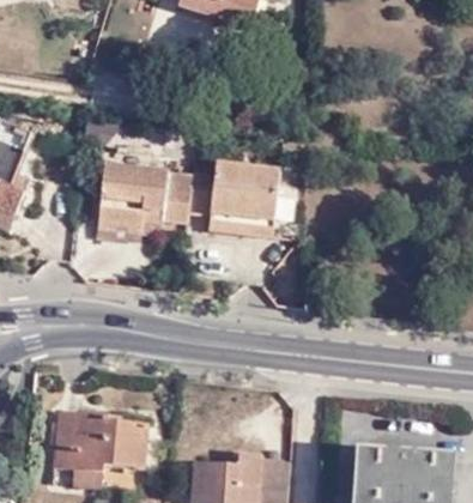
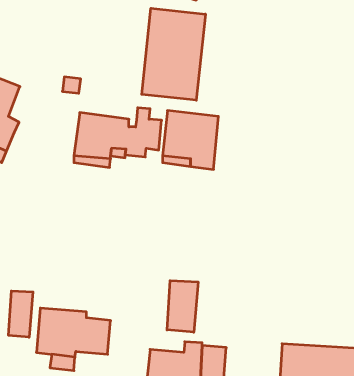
building: none -> [142,8,205,100]
building: none -> [167,281,198,332]
building: none -> [9,291,33,337]

